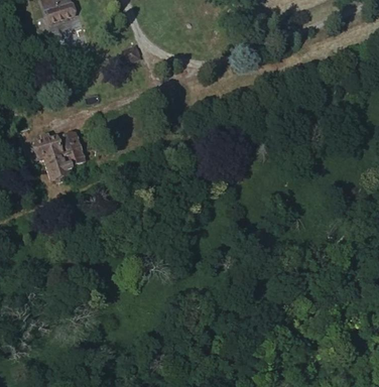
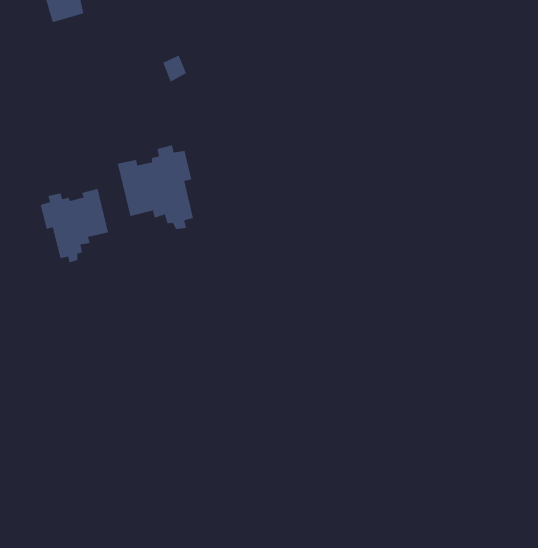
building: none -> [117,144,194,230]

